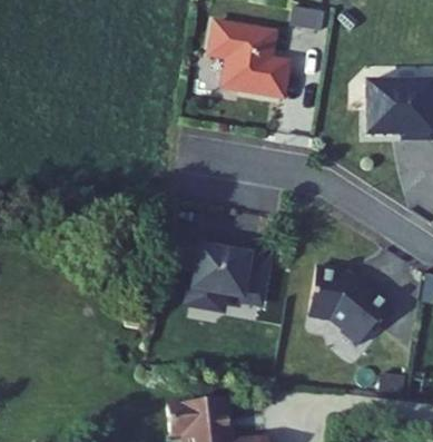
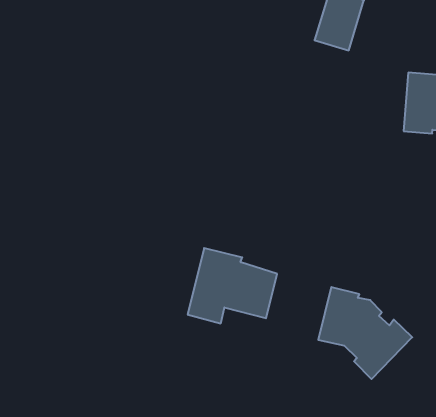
building: [209,27,288,99] -> none

